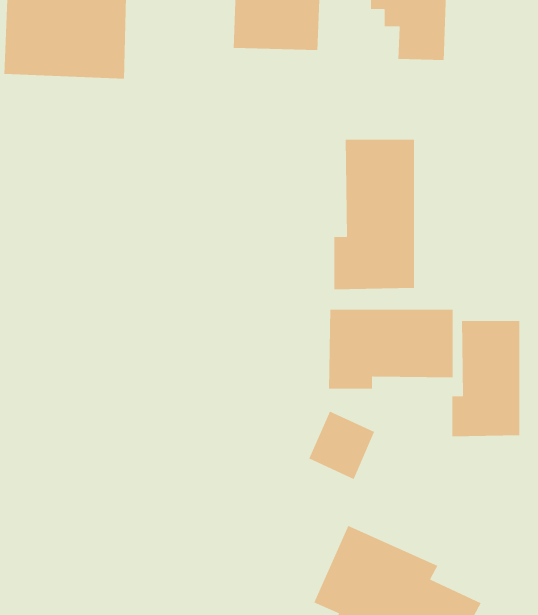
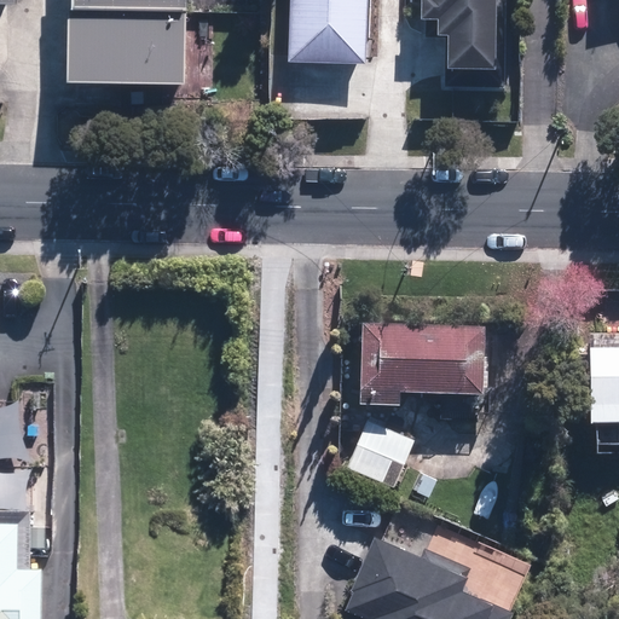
building: [334,139,415,290] -> none
building: [452,320,520,437] -> none

